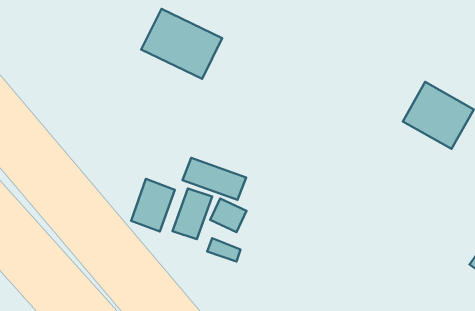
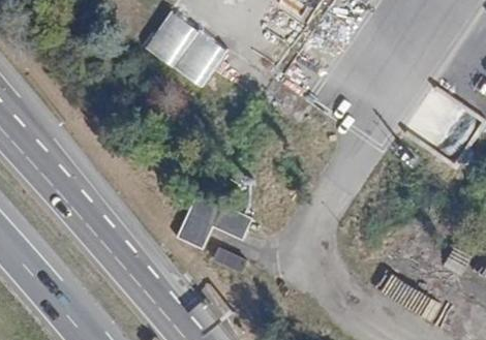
building: [183,158,246,200] -> none
building: [131,179,175,232] -> none

